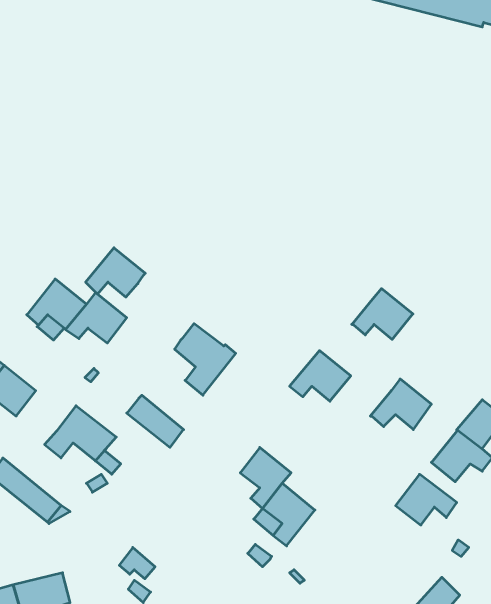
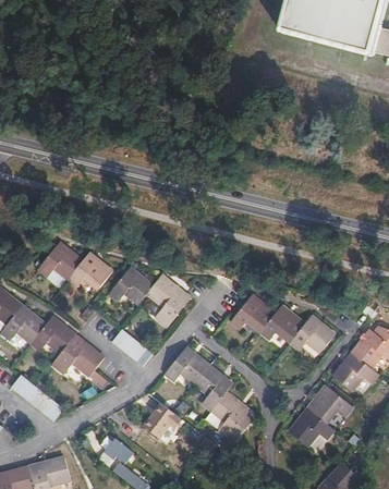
building: [86,248,145,297] -> [109,267,153,303]
building: [352,289,413,339] -> [260,305,305,342]
building: none -> [32,316,75,353]
building: none -> [165,346,209,383]
building: none -> [143,402,184,438]
building: none -> [290,407,335,445]

